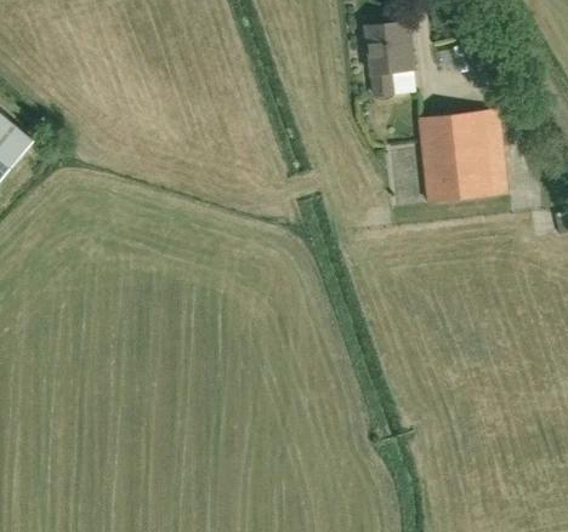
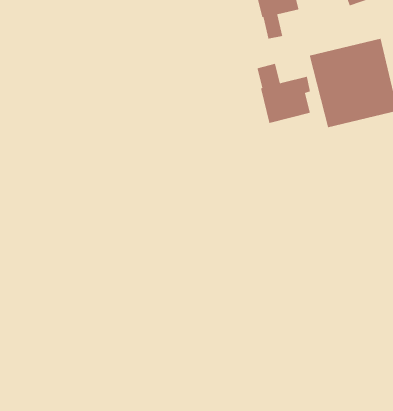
building: none -> [257,63,311,124]

